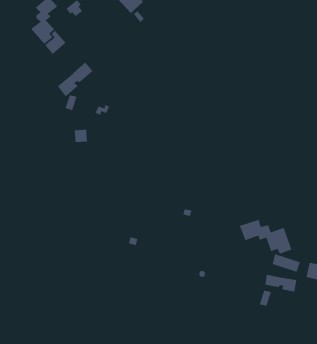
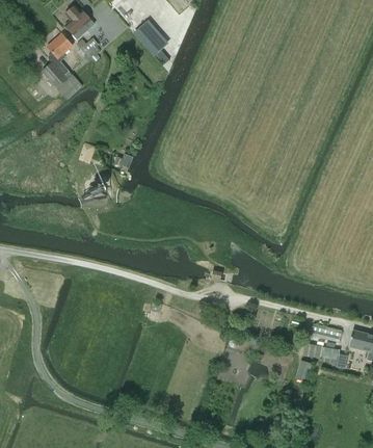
building: [57,62,93,98] -> none
building: [239,219,293,255] -> none

